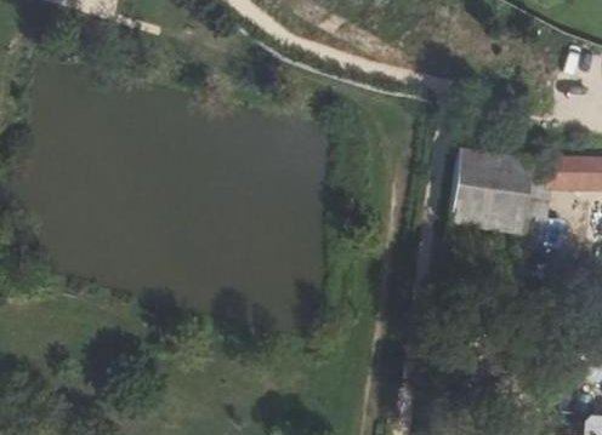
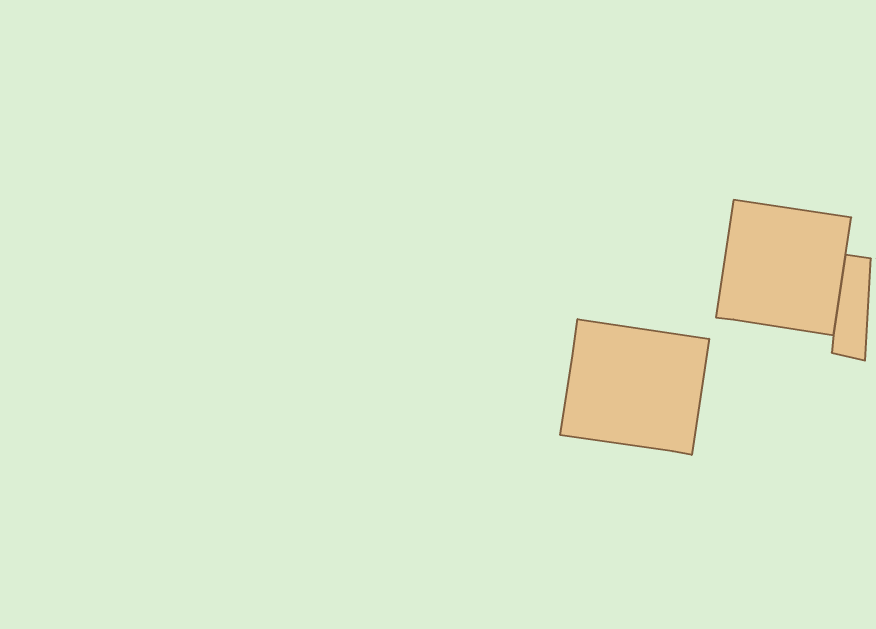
building: none -> [560,319,709,455]

